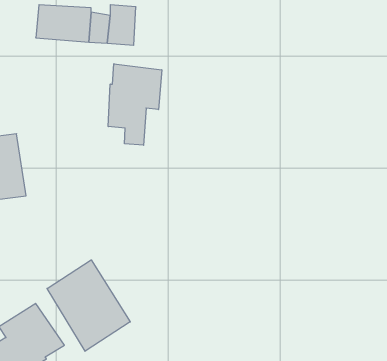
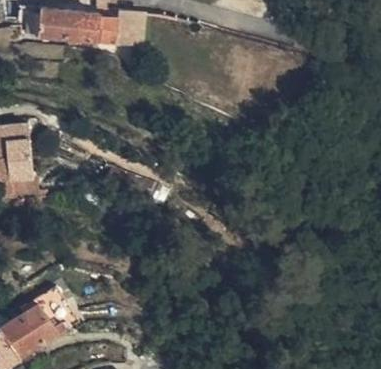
building: [108,64,162,145] -> none
building: [47,260,130,351] -> none

